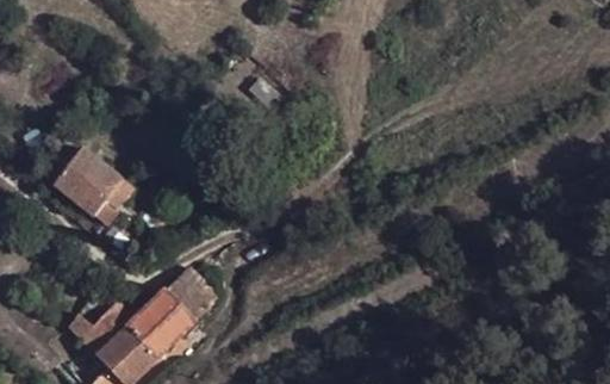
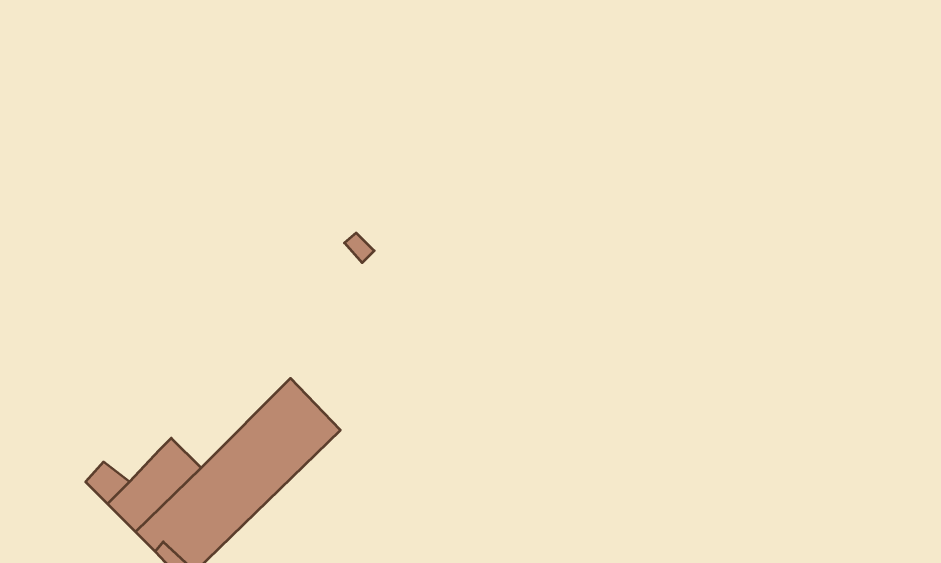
building: [52,149,133,229] -> none

